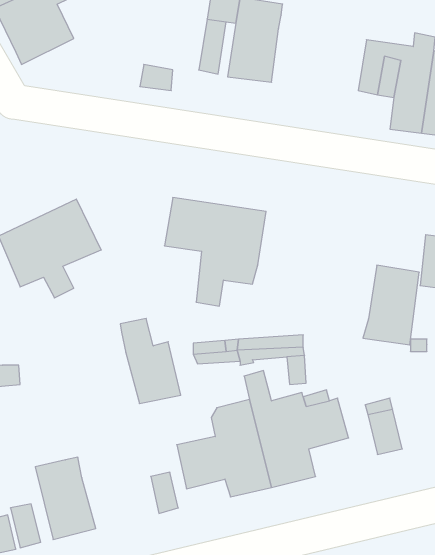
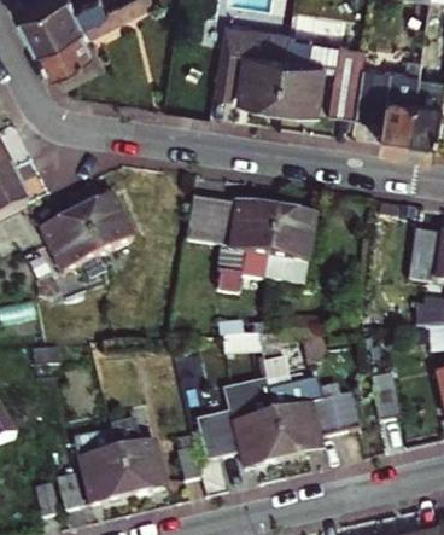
building: none -> [282,41,367,112]
building: [363,265,419,345] -> [265,214,315,284]
building: [120,318,181,404] -> [111,418,164,493]

